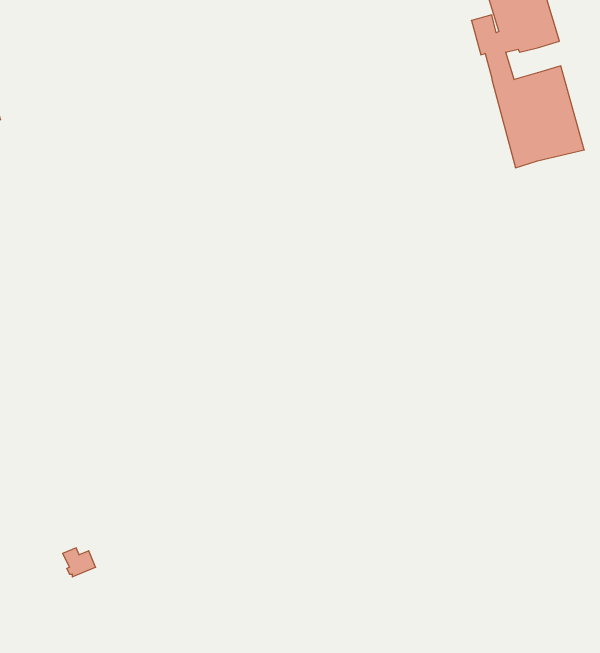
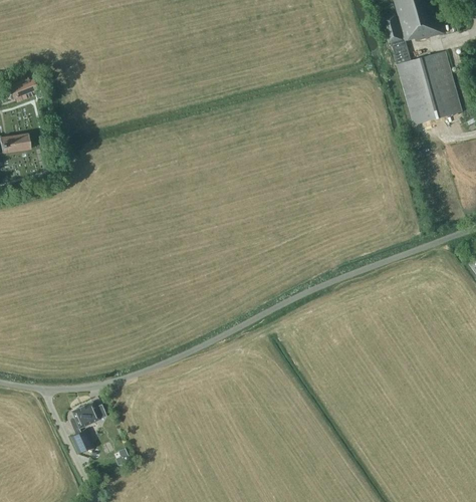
building: none -> [70,406,93,453]

